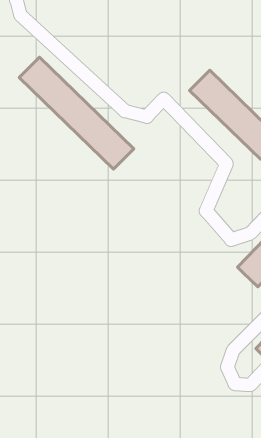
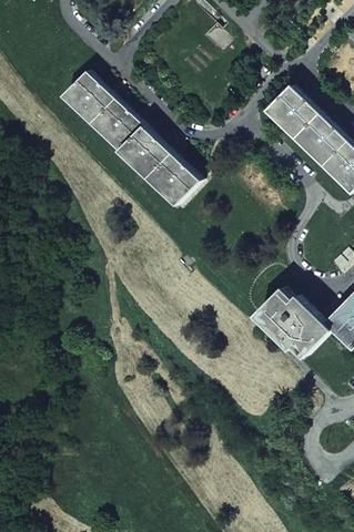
building: none -> [254,291,330,354]

